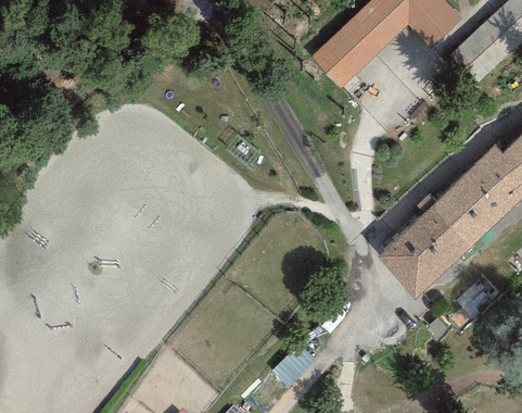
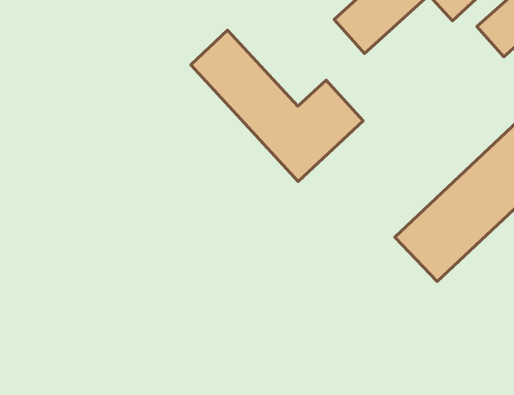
building: none -> [191,30,363,182]

